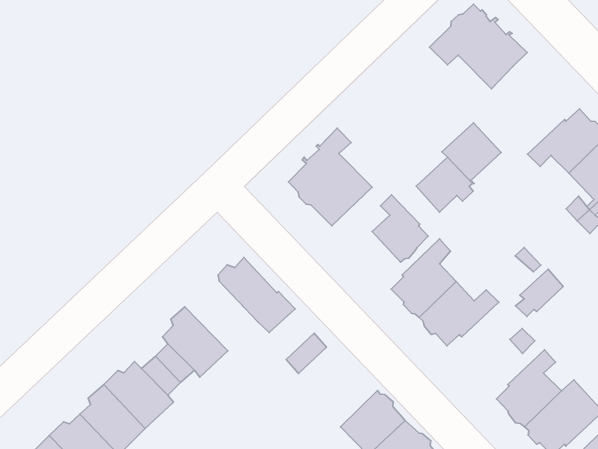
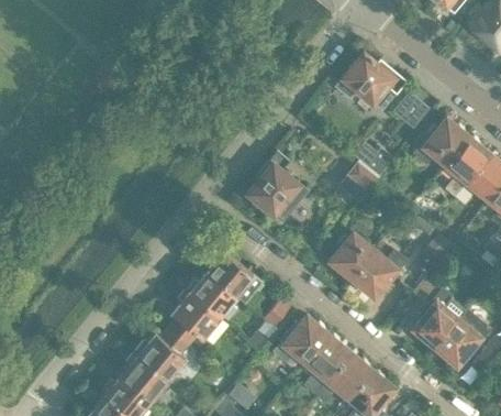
building: none -> [394,90,431,128]
building: [372,195,428,262] -> none
building: none -> [185,271,237,319]
building: none -> [274,317,327,363]

